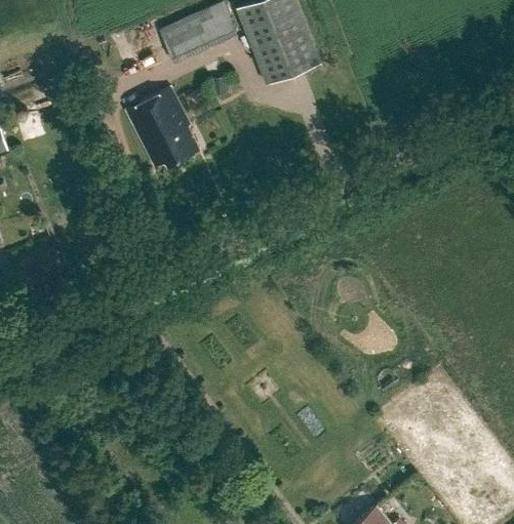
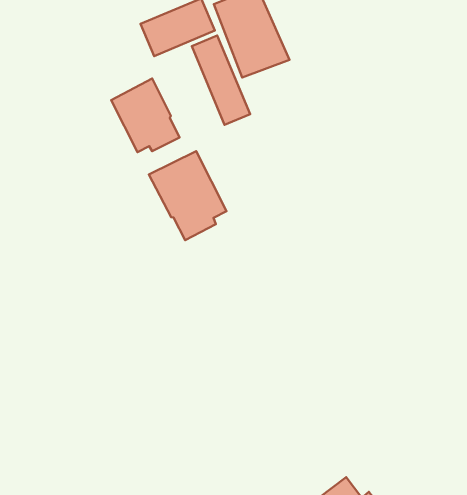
building: none -> [192,36,250,125]
building: none -> [149,151,227,240]

